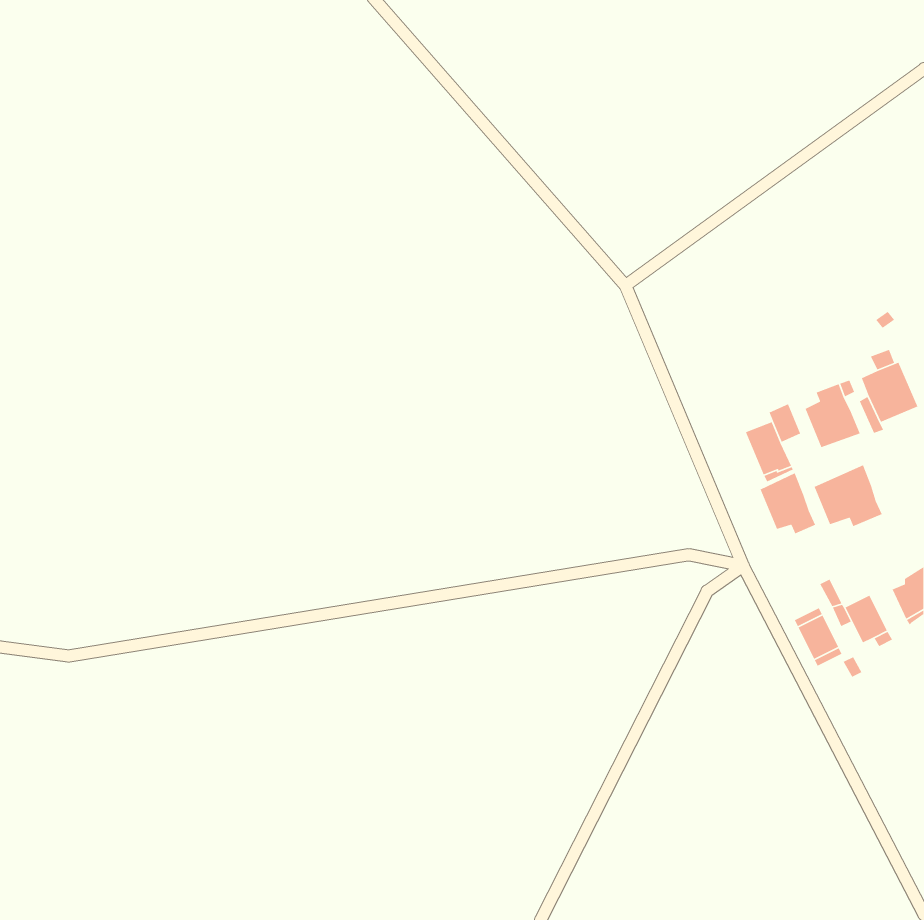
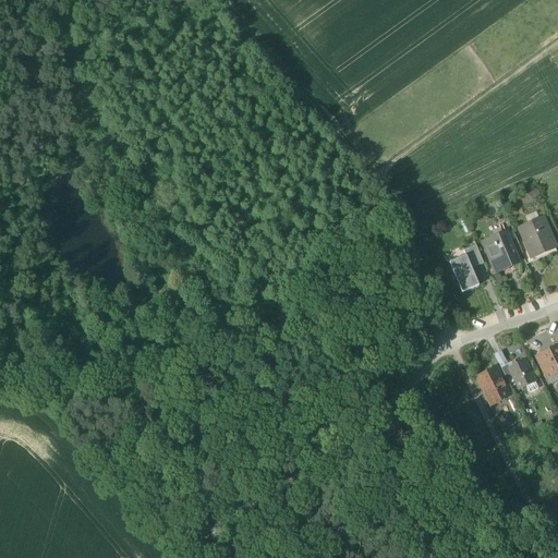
building: [814,464,883,527] -> none
building: [759,472,816,535] -> none

